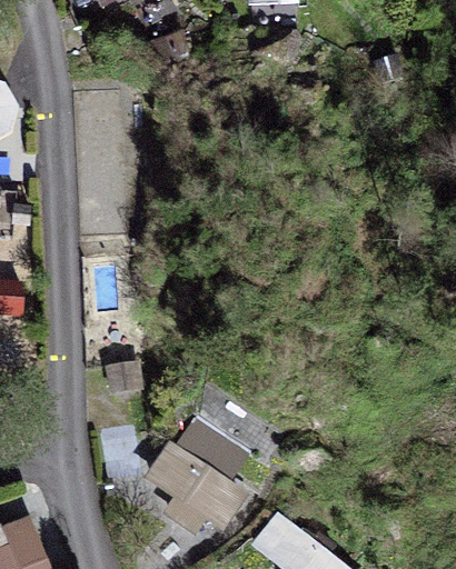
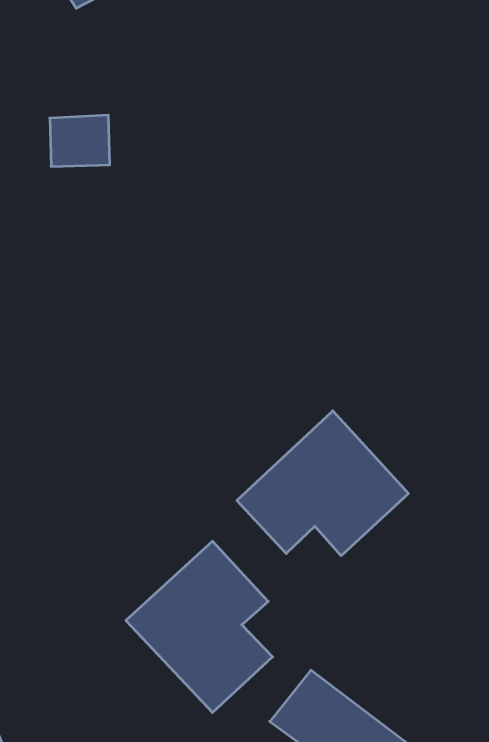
building: none -> [237,411,408,556]

